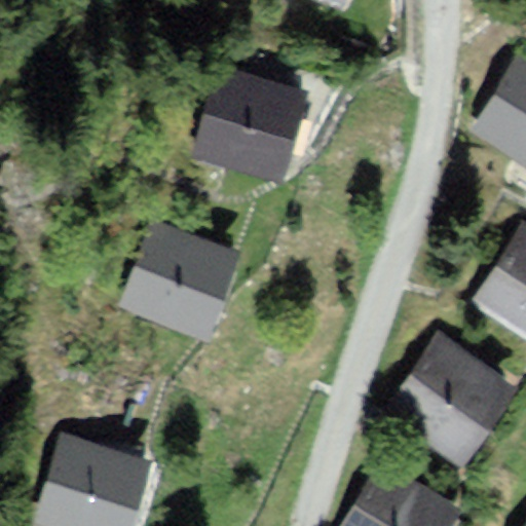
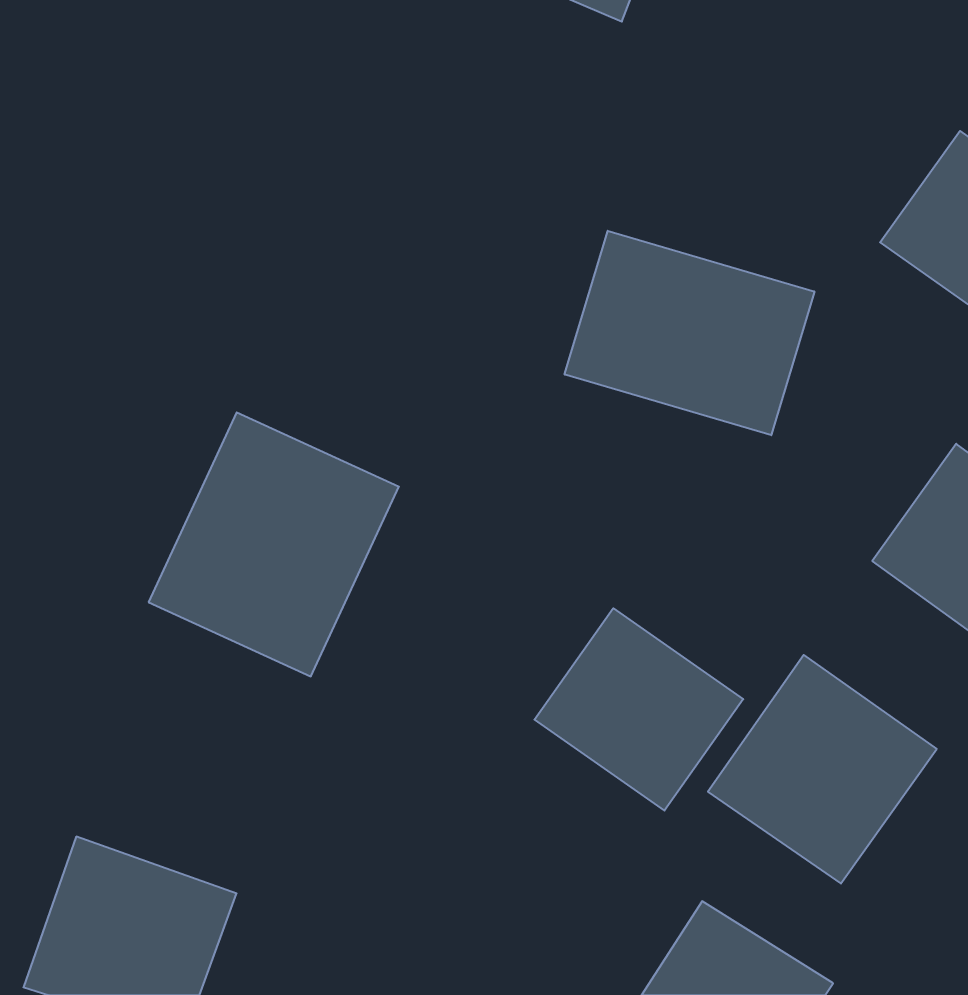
building: [203,72,305,180] -> none
building: none -> [565,231,814,435]
building: none -> [534,608,743,811]

